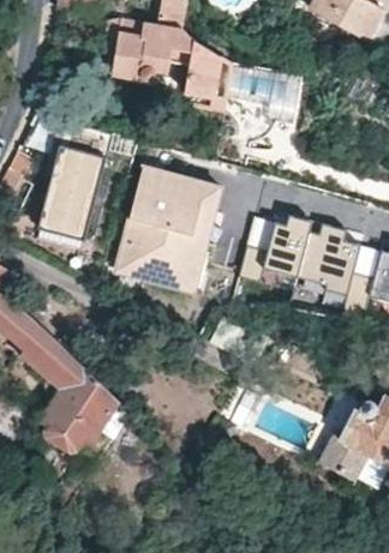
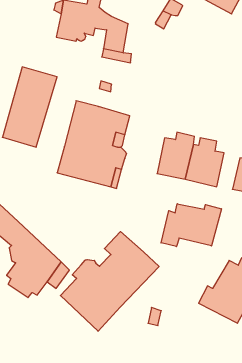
building: none -> [161,204,221,247]
building: none -> [60,232,159,331]

